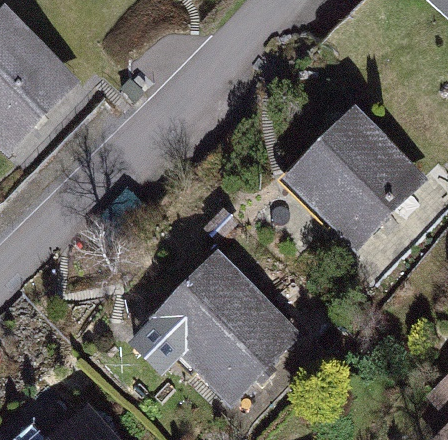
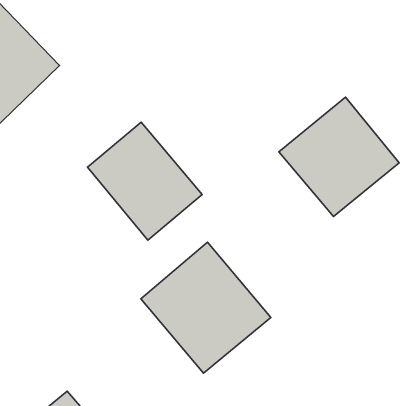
building: none -> [88,122,202,240]

